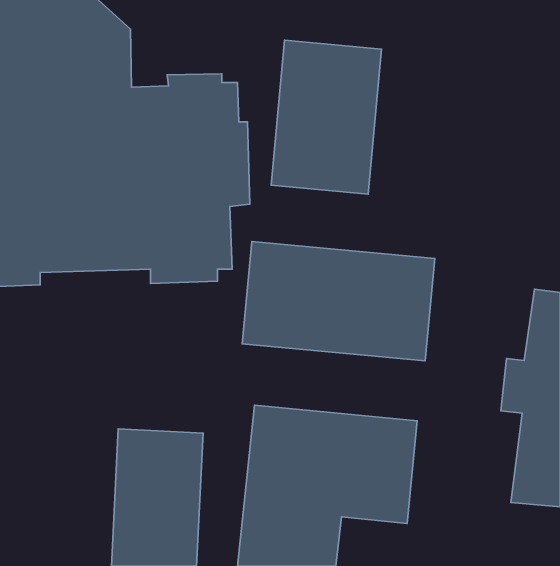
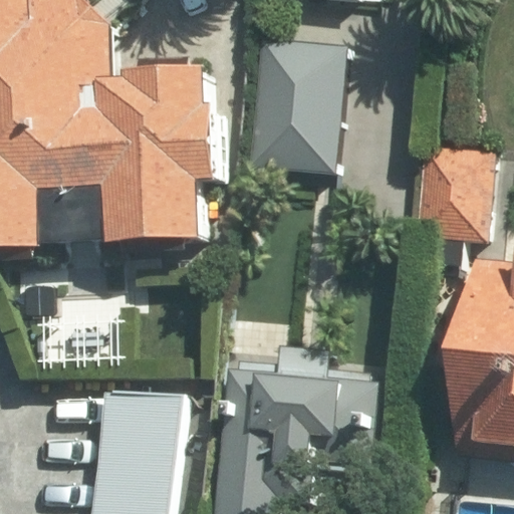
building: none -> [417,148,497,241]
building: [242,241,435,361] -> none

